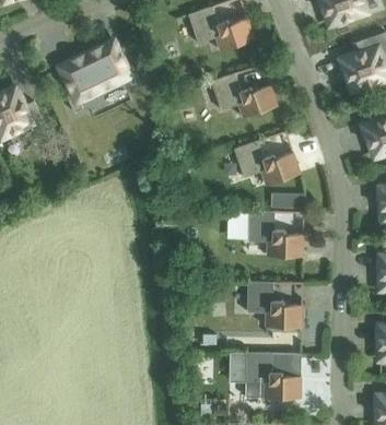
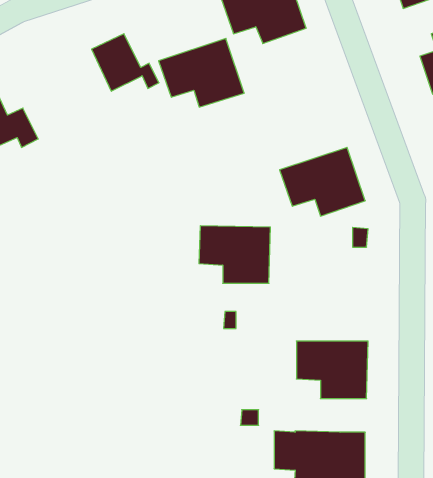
building: [58,55,100,113] -> none
building: [208,63,274,117] -> [159,38,244,107]
building: [245,211,301,256] -> [199,226,270,283]

